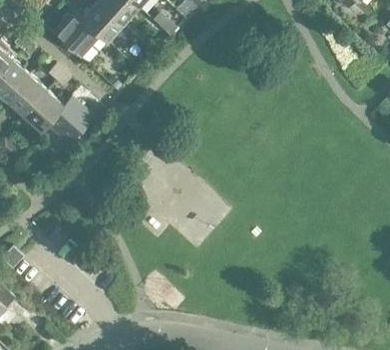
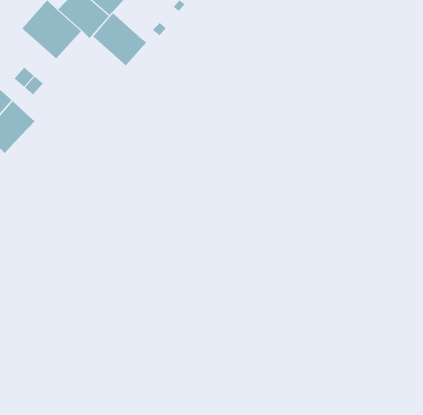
building: none -> [93,13,147,66]
building: [48,96,94,144] -> none

